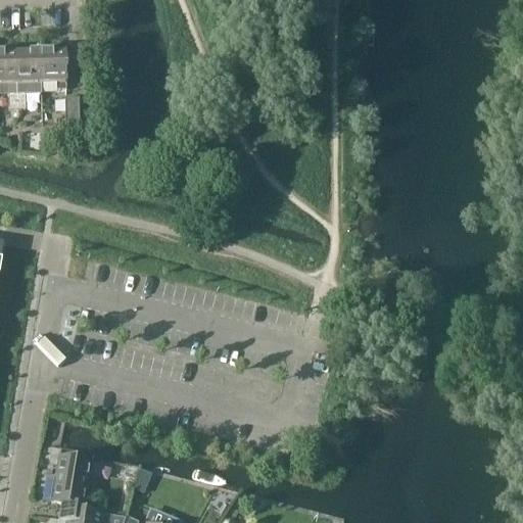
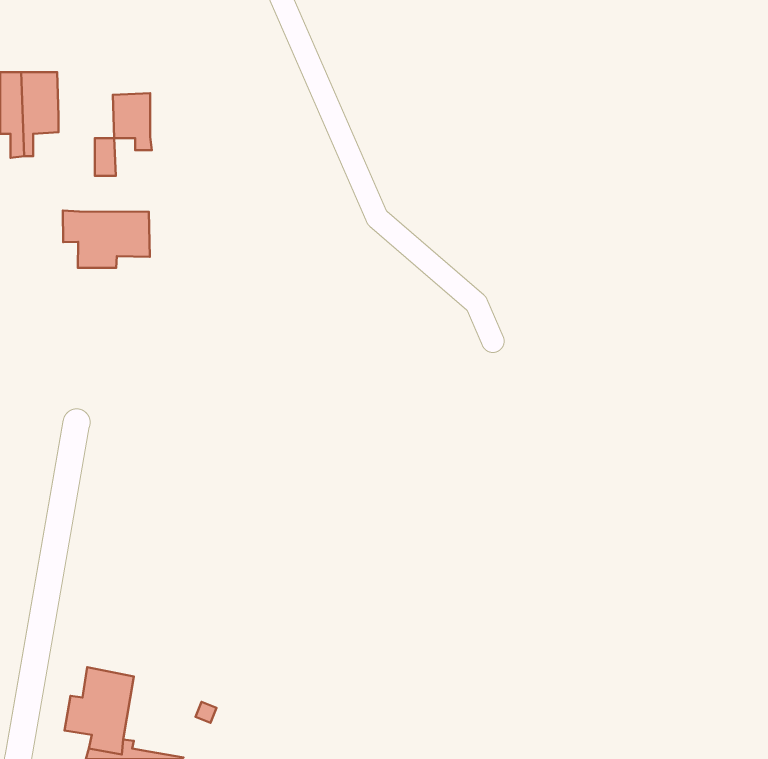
building: [39,48,65,87] -> [113,93,152,150]
building: none -> [63,210,150,268]

